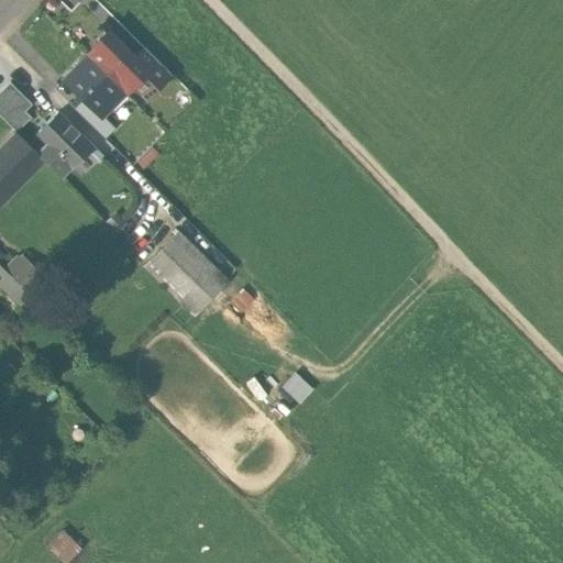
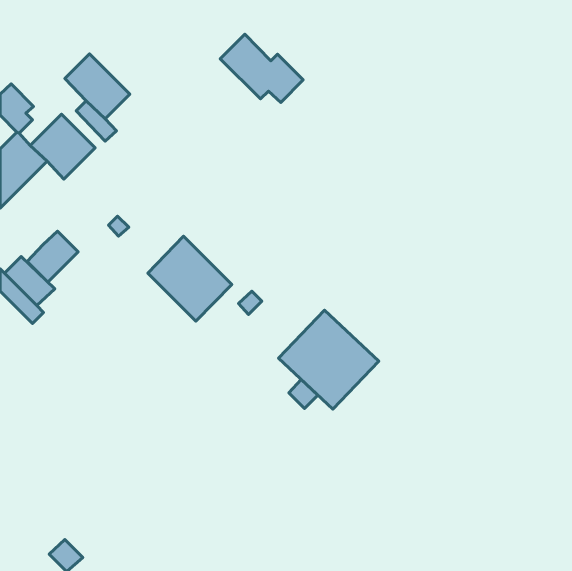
building: [88,29,169,96] -> [220,34,303,102]
building: none -> [27,231,78,282]
building: none -> [278,310,379,409]

